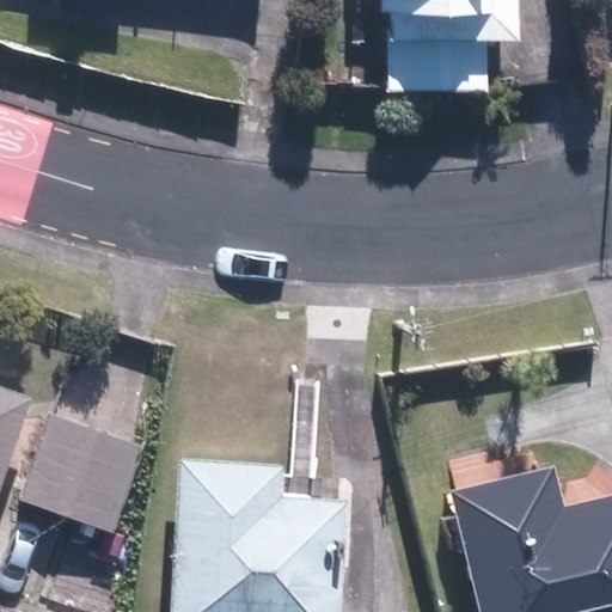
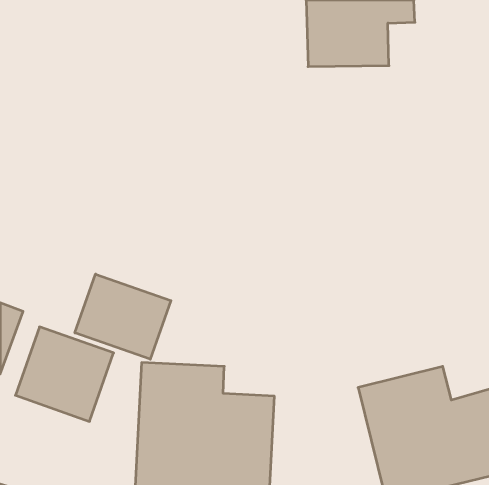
building: none -> [75,274,171,359]

